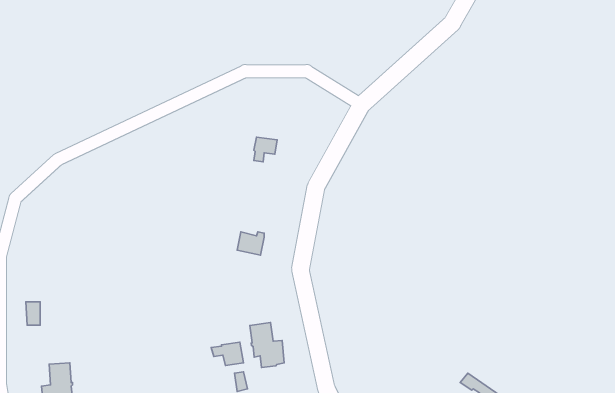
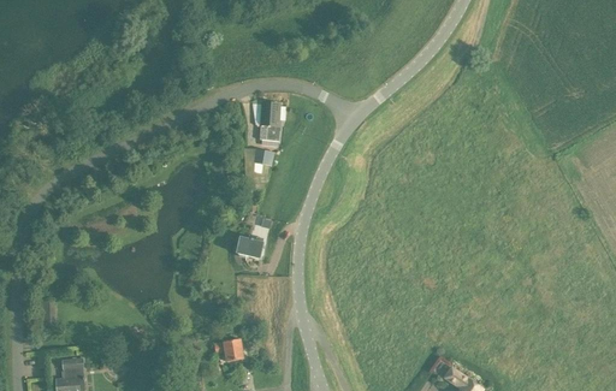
building: none -> [259,101,280,140]
building: [250,323,284,367] -> none

